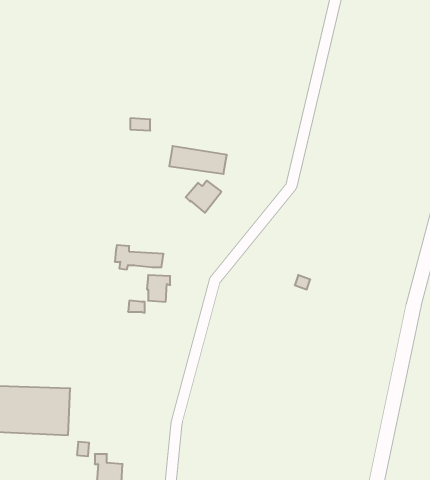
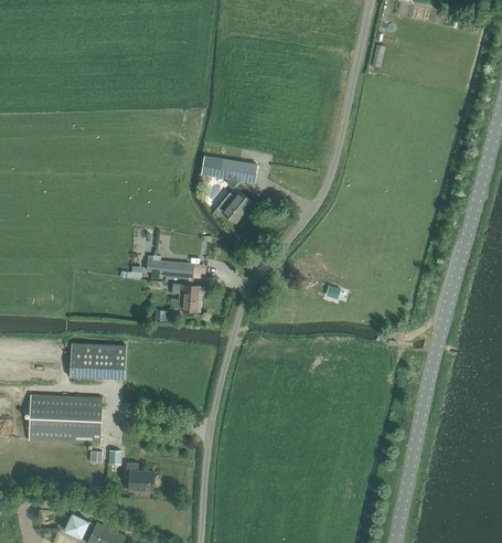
building: none -> [68,342,126,377]

